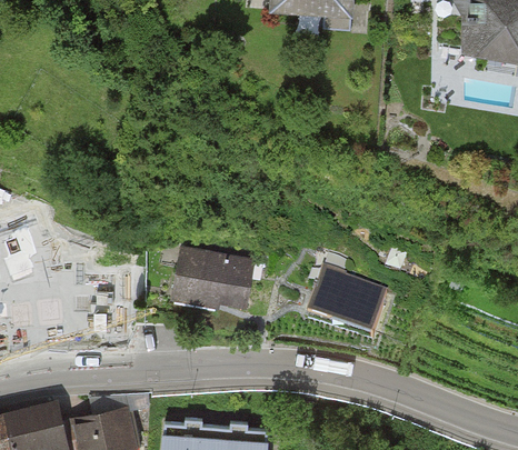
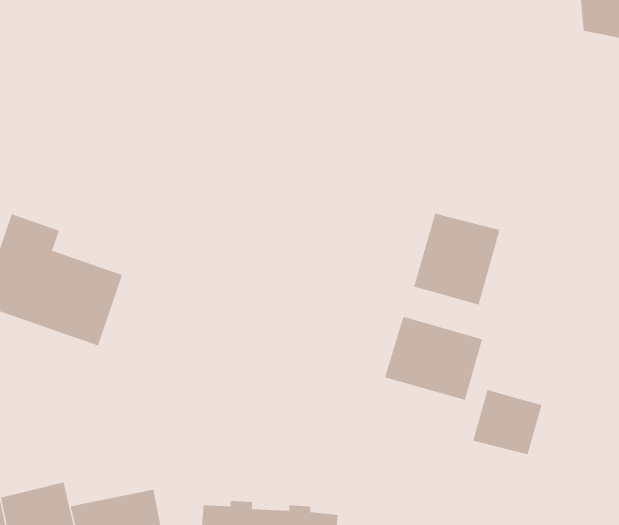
building: none -> [414,213,500,305]
building: [172,249,251,309] -> none
building: none -> [473,389,542,455]

